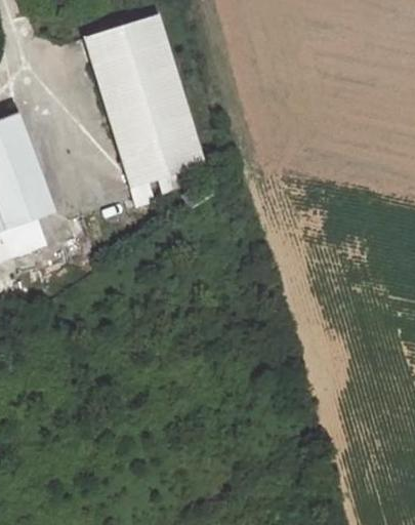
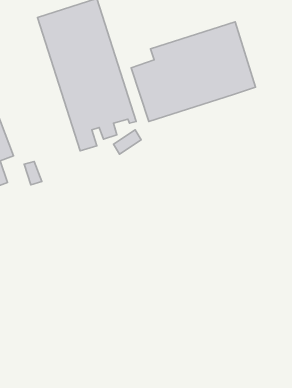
building: none -> [131,22,256,122]

